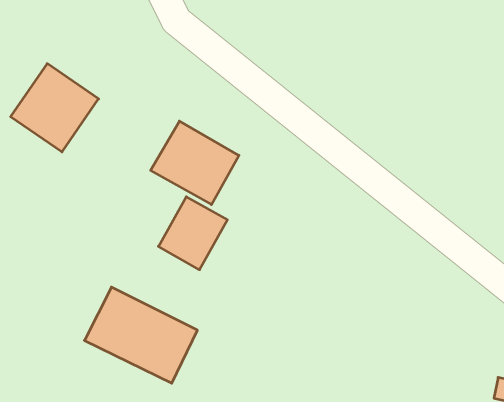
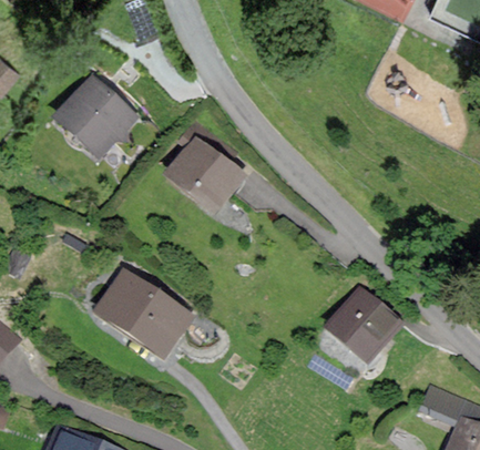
building: [158,197,227,270] -> none
building: none -> [327,289,399,361]

